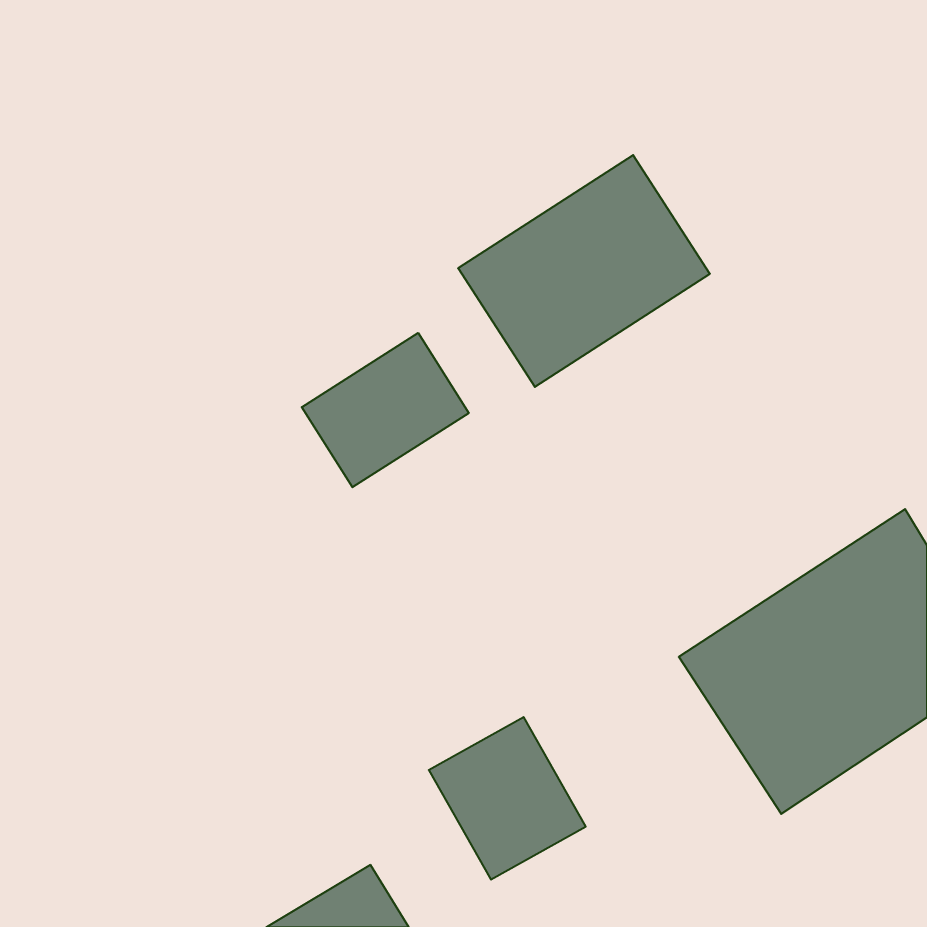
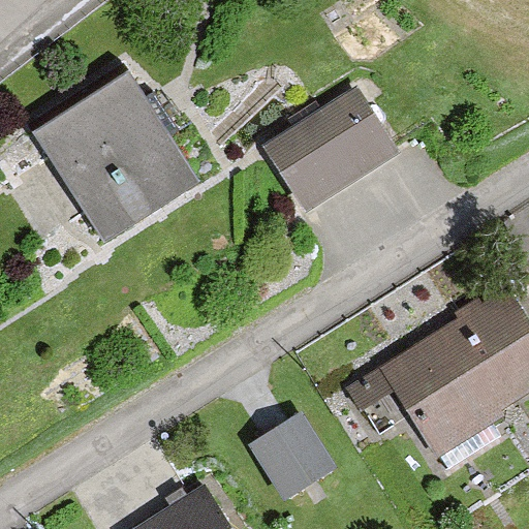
building: none -> [28,62,199,241]
building: [302,333,469,487] -> none

